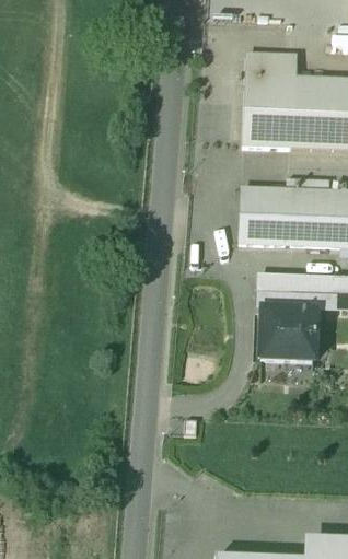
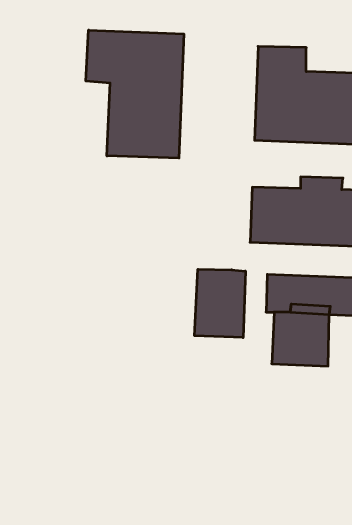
building: none -> [86,30,184,158]
building: none -> [195,269,245,338]

